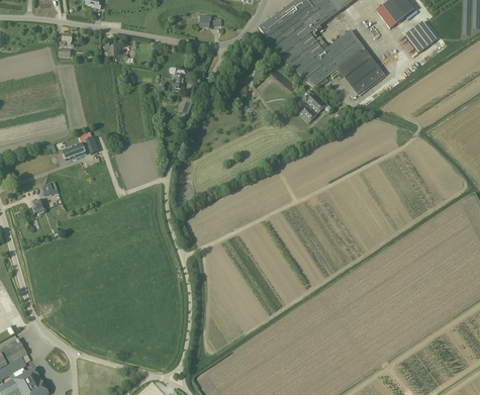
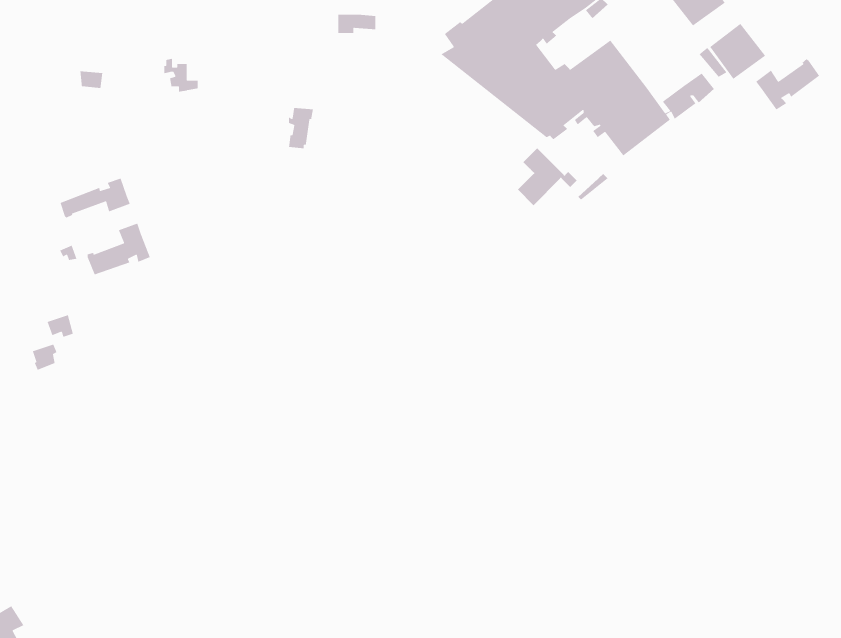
building: none -> [755,58,820,111]
building: none -> [59,178,131,219]

